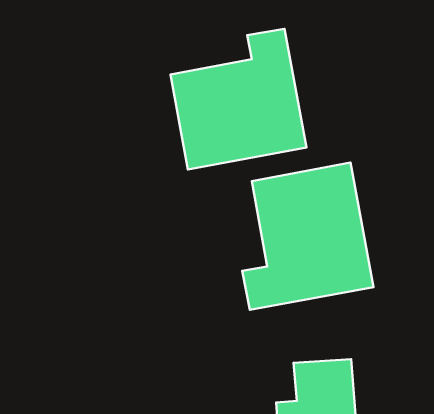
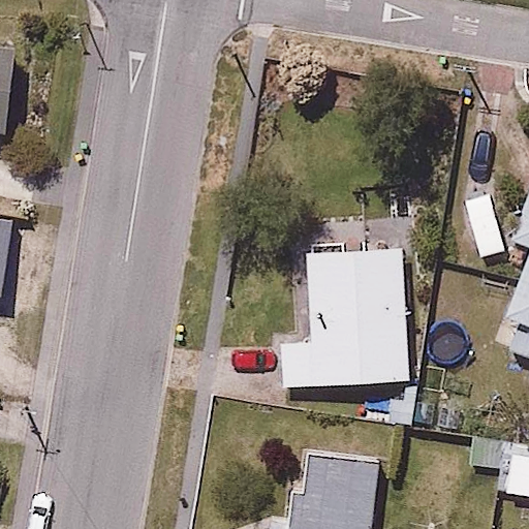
building: [171,29,307,169] -> none

